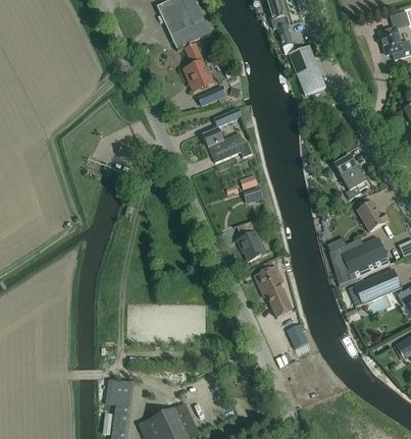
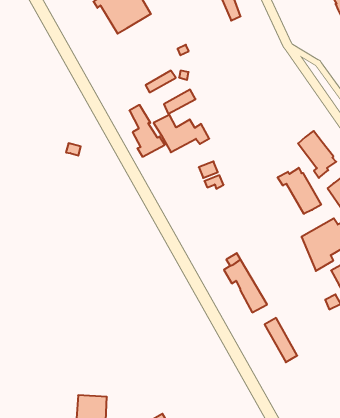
building: [186,43,215,91] -> [129,105,165,157]
building: [289,45,325,95] -> none
building: none -> [278,168,321,214]
building: [237,219,266,260] -> none

